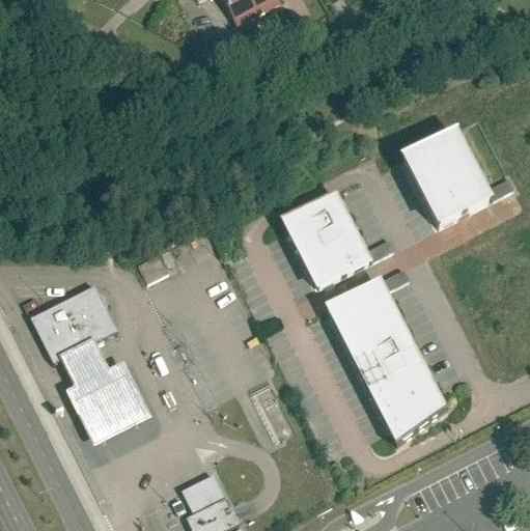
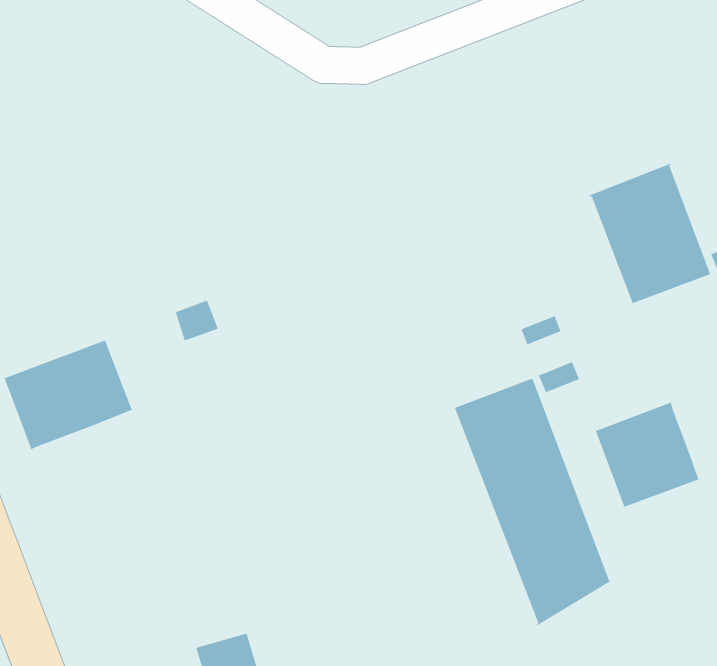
building: [282,192,368,286] -> none
building: none -> [595,402,699,508]
building: [59,341,152,448] -> none

